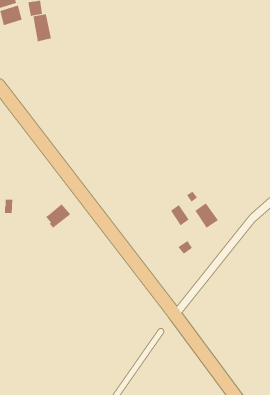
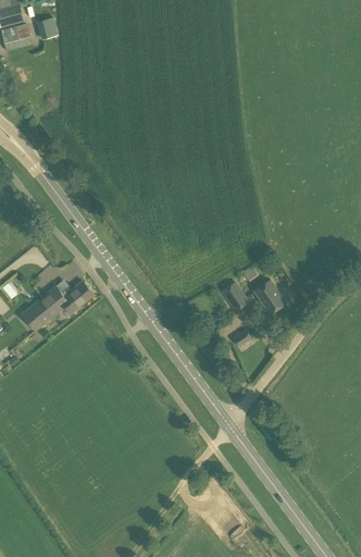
building: [33,14,51,42] -> none
building: none -> [22,285,67,331]

